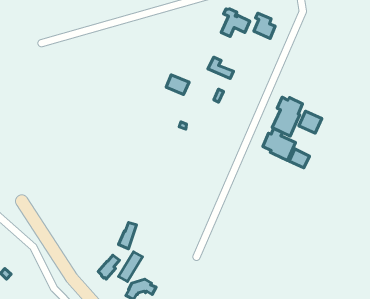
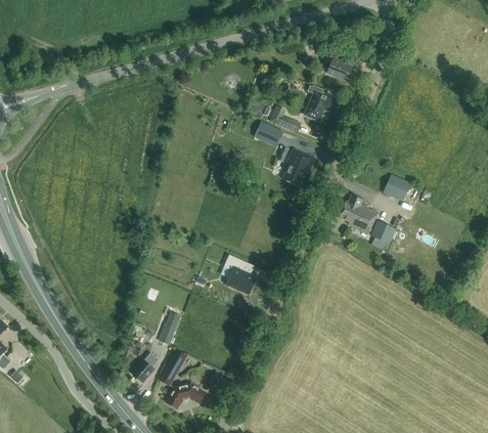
building: [221,9,250,37] -> [305,85,341,120]
building: [166,75,189,94] -> [257,122,285,146]
building: none -> [283,148,316,186]
building: [272,97,302,136] -> none
building: none -> [224,254,258,295]

